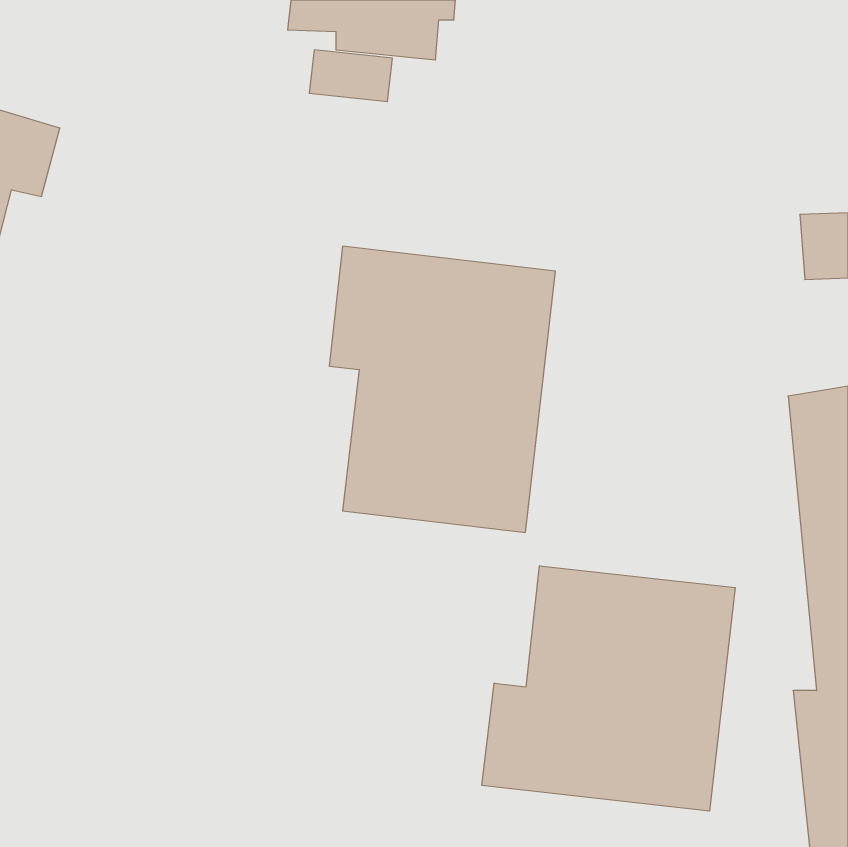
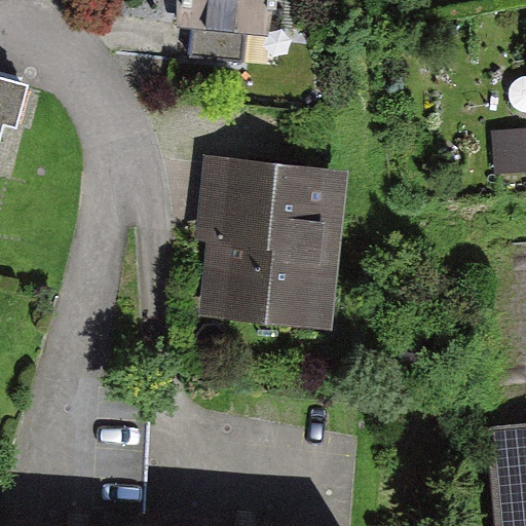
building: [482,566,735,811] -> none

